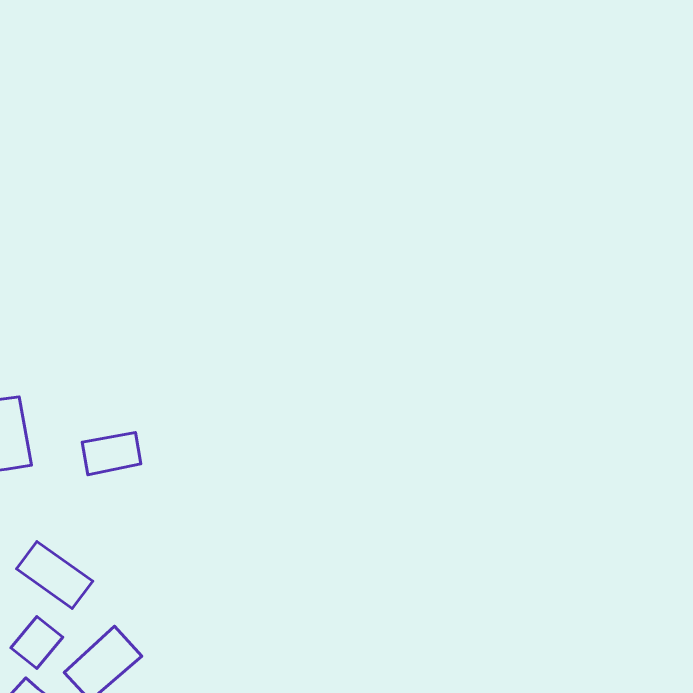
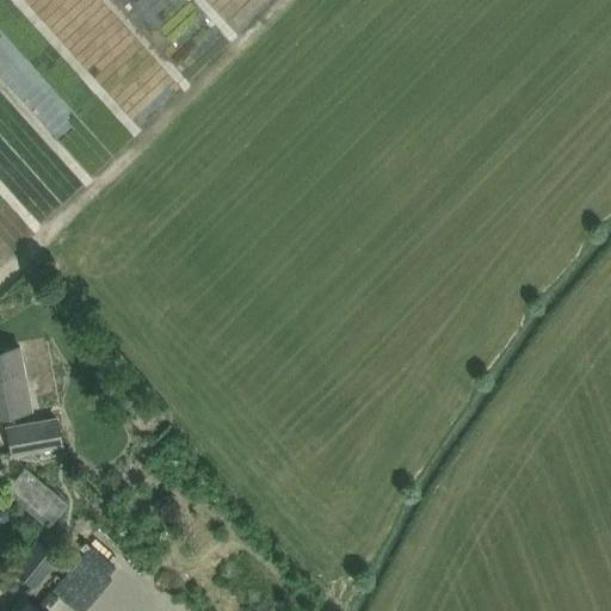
building: [82,433,141,475] -> [5,421,56,458]

